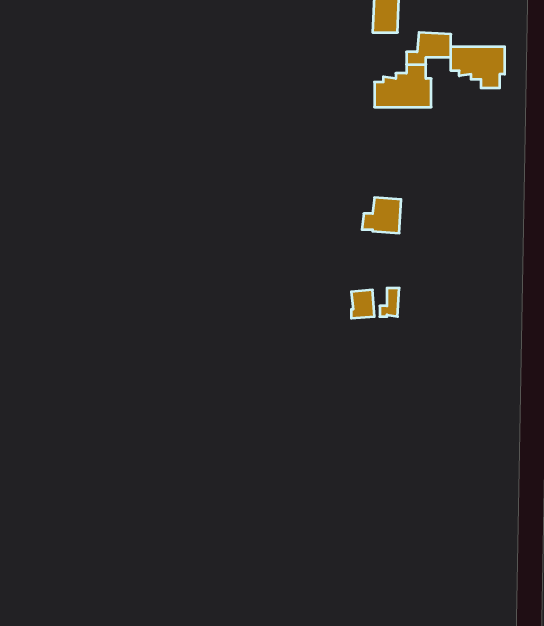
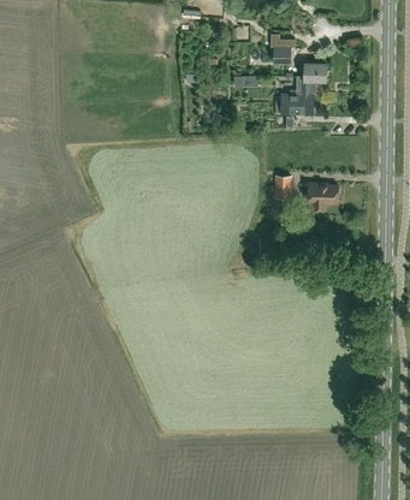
building: [451,47,505,88] -> none
building: none -> [309,184,340,209]

